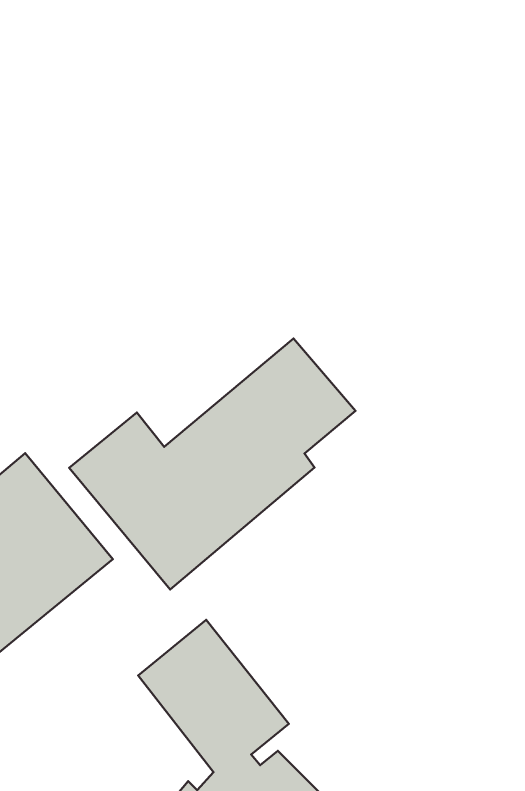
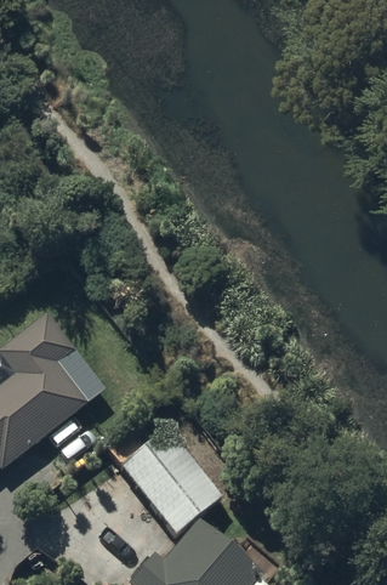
building: [69,338,355,590] -> none

